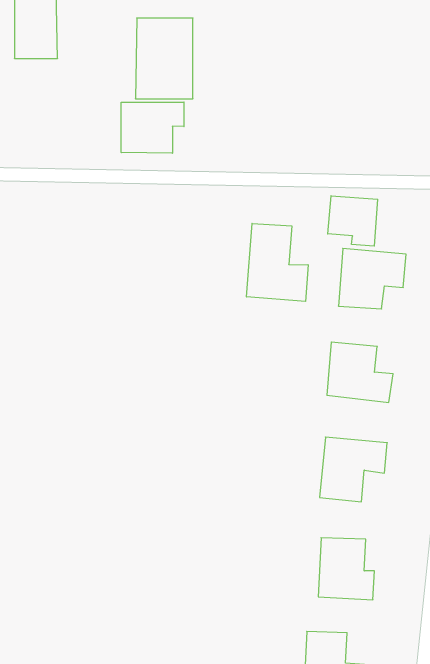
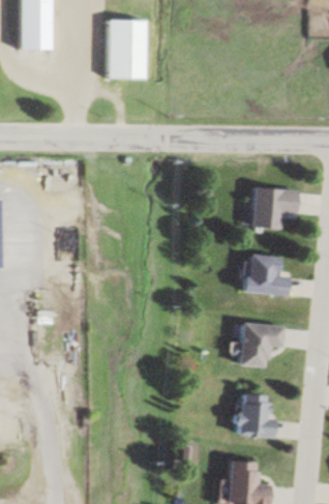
building: [121,102,184,153] -> none
building: [328,196,378,246] -> none
building: [247,223,308,301] -> none

